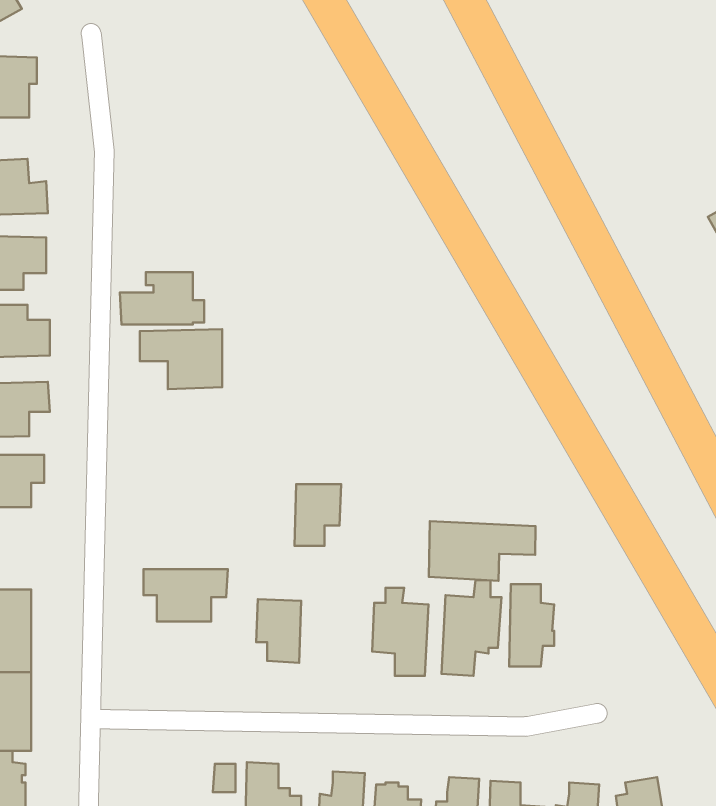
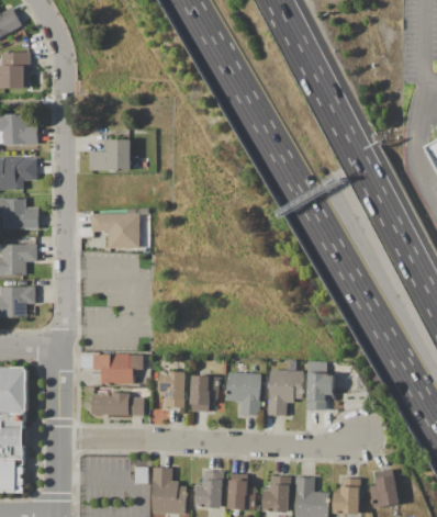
building: [120,272,204,325] -> [88,139,137,170]
building: [294,484,341,546] -> [191,375,218,412]
building: [429,521,536,581] -> none
building: none -> [92,393,145,415]

